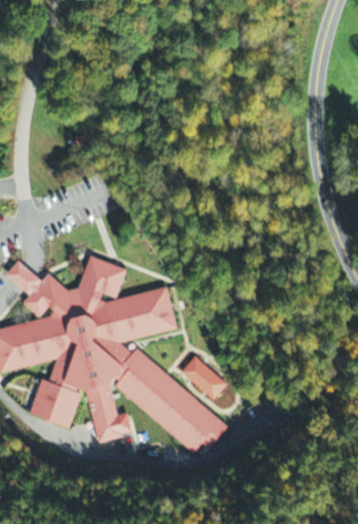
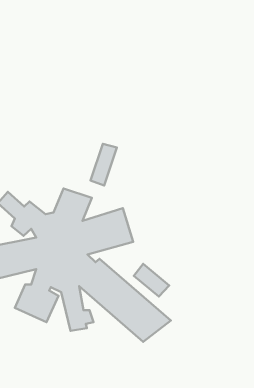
building: none -> [90,144,117,186]

